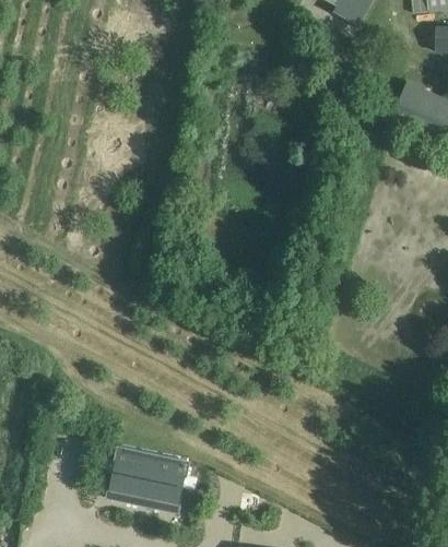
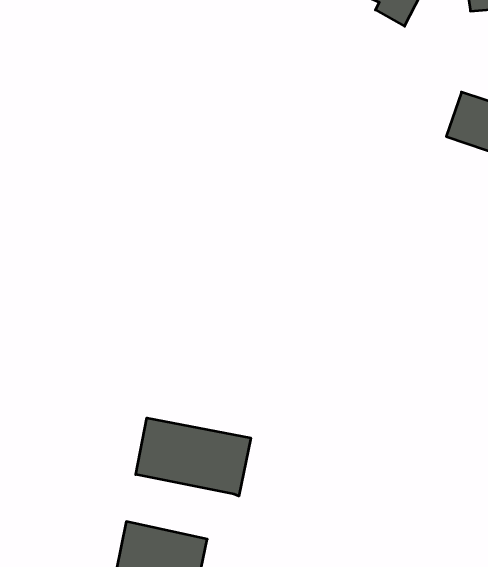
building: none -> [136,418,251,496]

